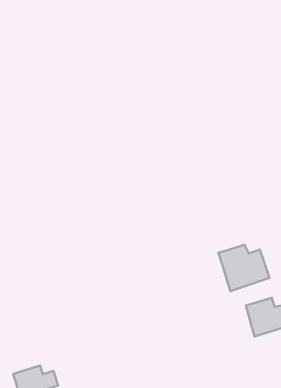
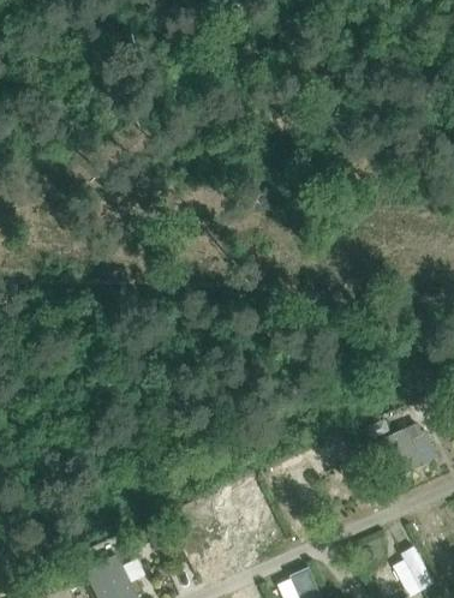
building: [218,245,269,291] -> none

